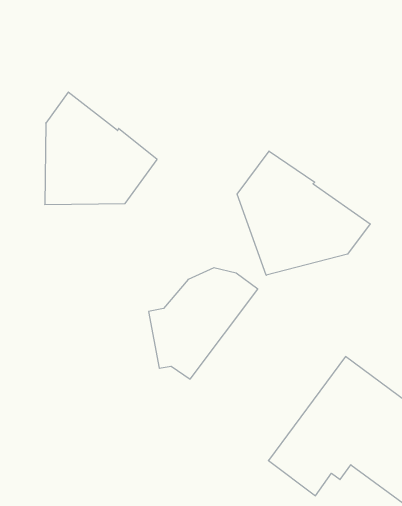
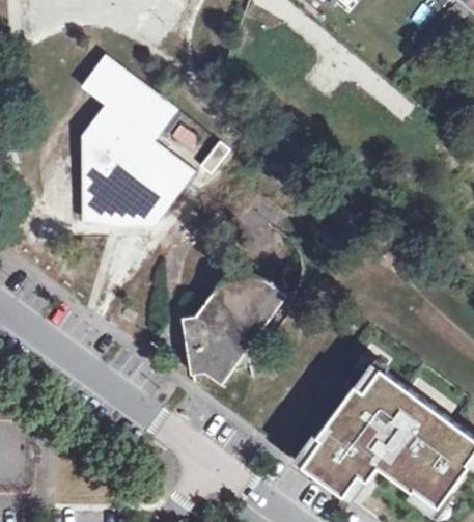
building: none -> [80,56,176,143]
building: [237,151,370,275] -> none

